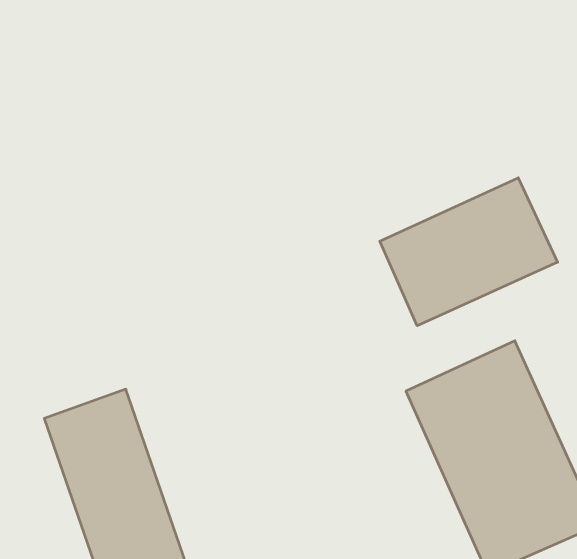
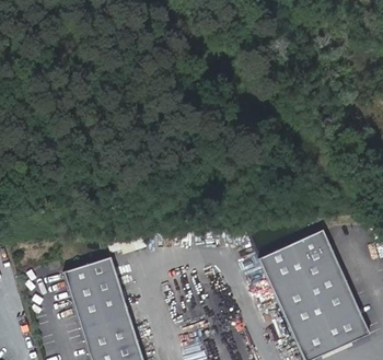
building: [380,178,558,326] -> none

